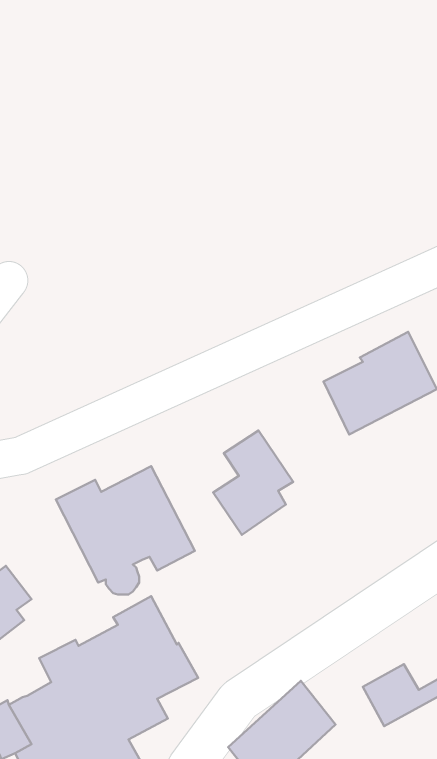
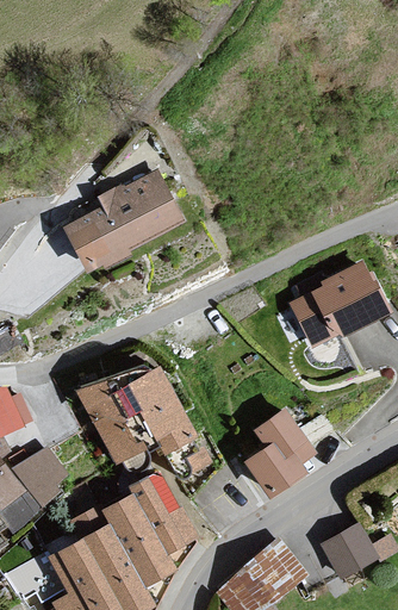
building: none -> [67,172,179,266]
building: [213,431,293,535] -> [248,411,311,493]

